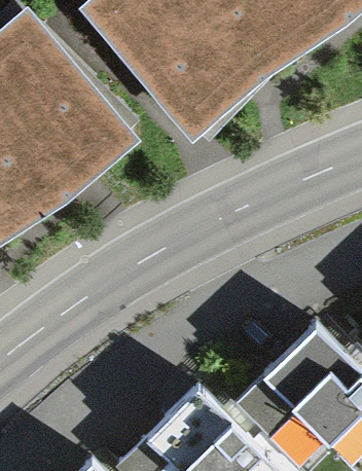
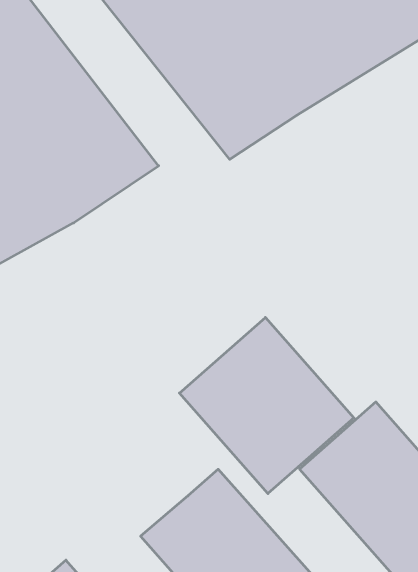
building: none -> [179,317,354,494]

